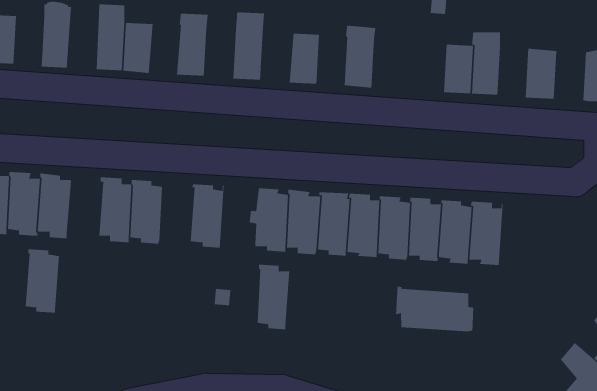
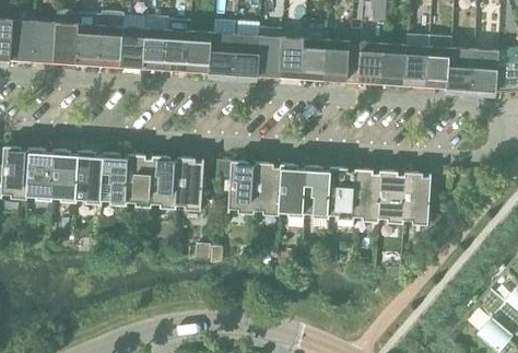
building: none -> [75,14,101,66]
building: none -> [32,22,56,63]
building: none -> [142,28,167,70]
building: none -> [187,32,212,73]
building: none -> [233,35,259,77]
building: none -> [279,37,303,79]
building: none -> [323,40,349,82]
building: none -> [357,43,384,84]
building: none -> [426,47,450,89]
building: none -> [472,50,497,91]
building: [25,249,60,313] -> [75,152,104,204]
building: [257,264,290,330] -> [151,156,178,210]
building: [395,286,474,332] -> none

